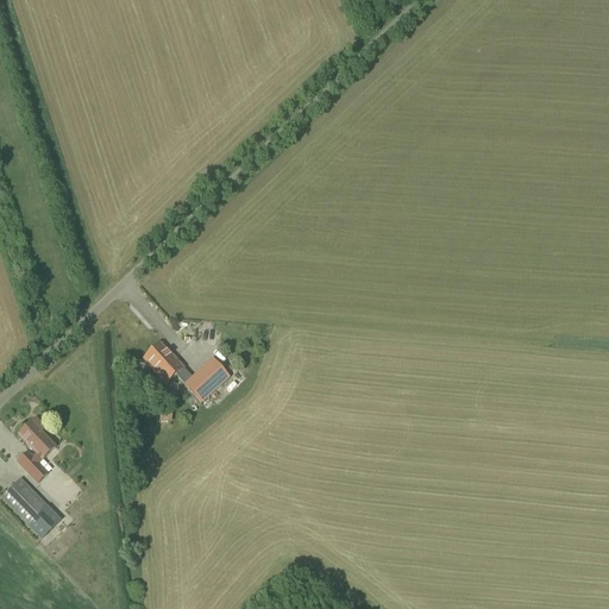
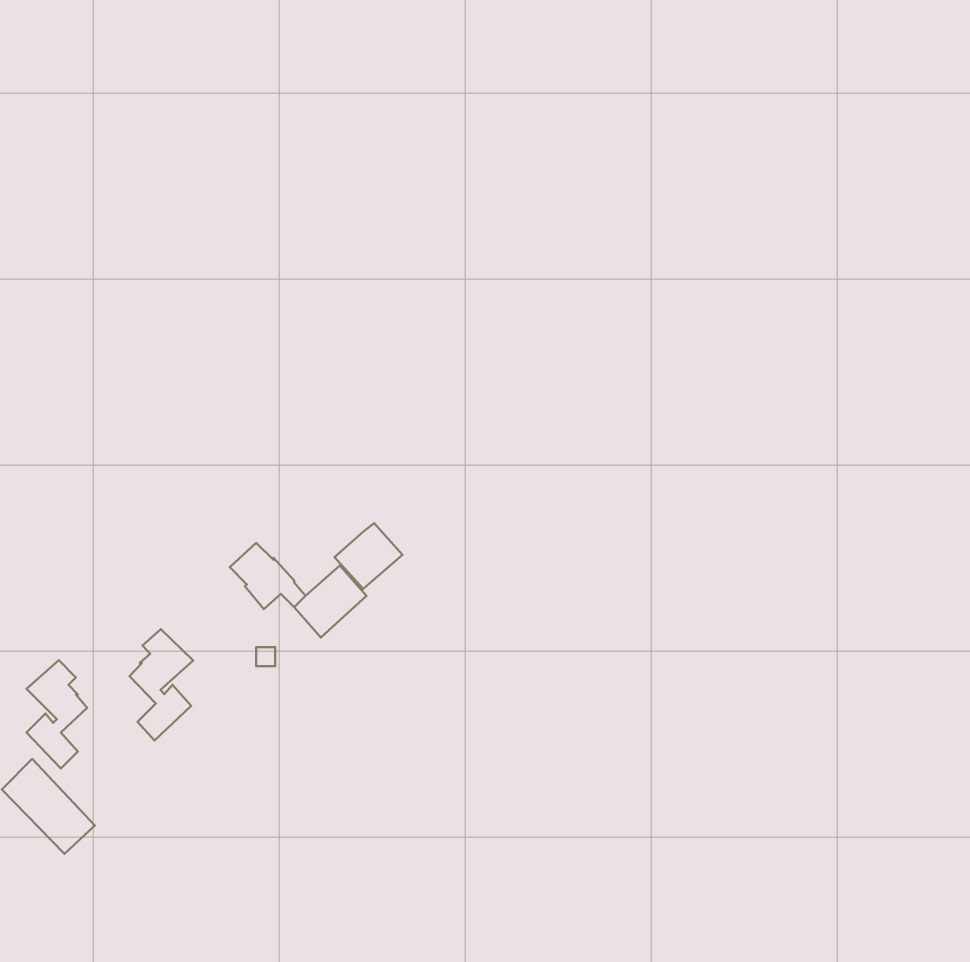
building: none -> [335,523,403,589]
building: none -> [130,629,193,741]

